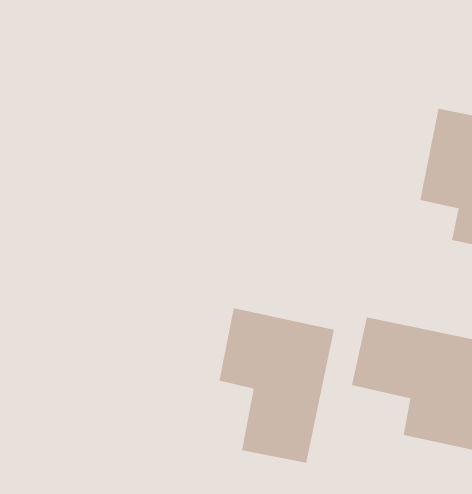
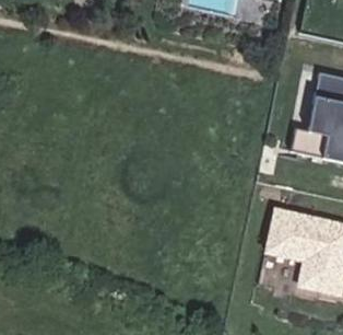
building: [219,308,335,463] -> none

